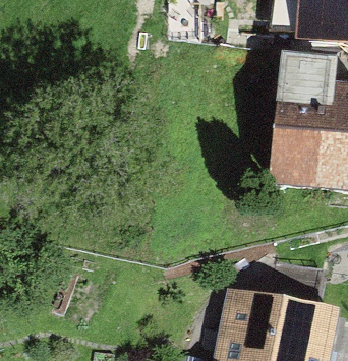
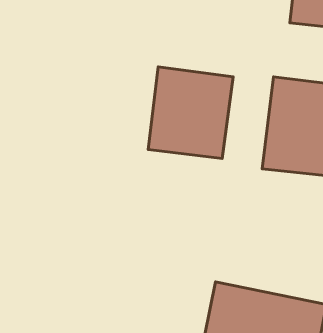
building: none -> [148,67,233,159]

